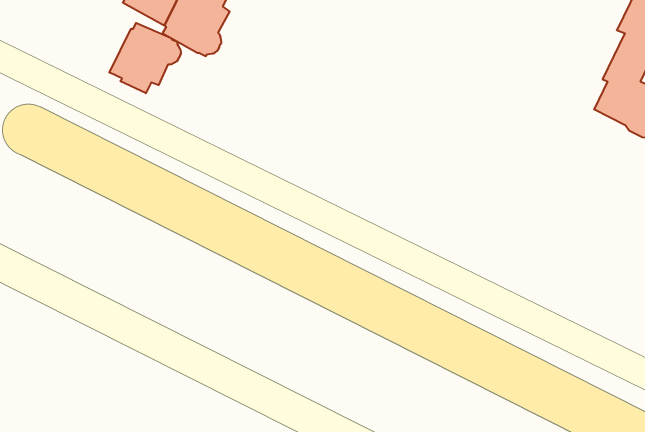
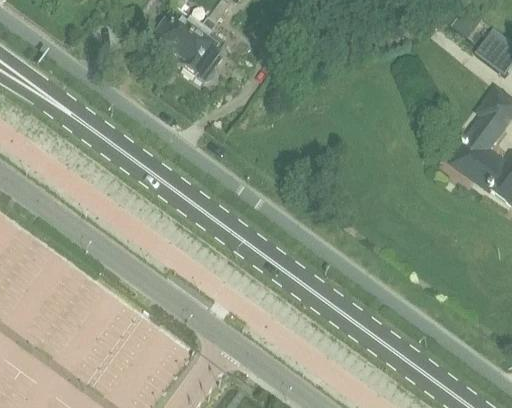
building: [109,23,181,93] -> none

